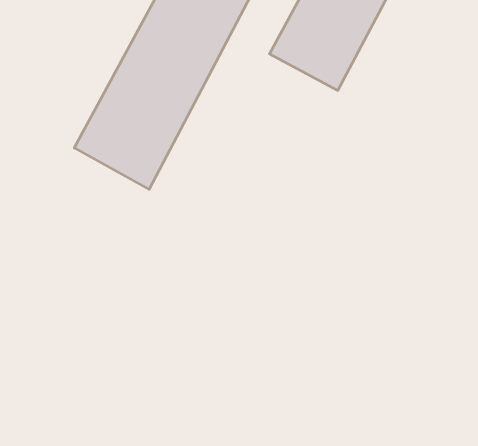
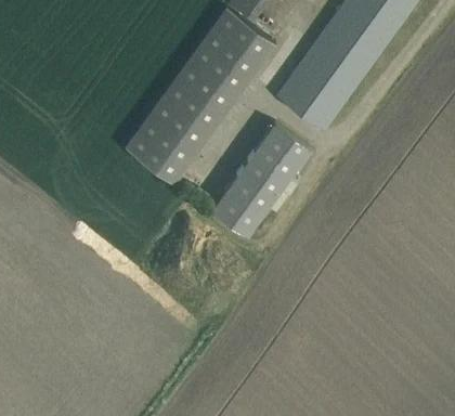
building: none -> [210,125,310,238]

